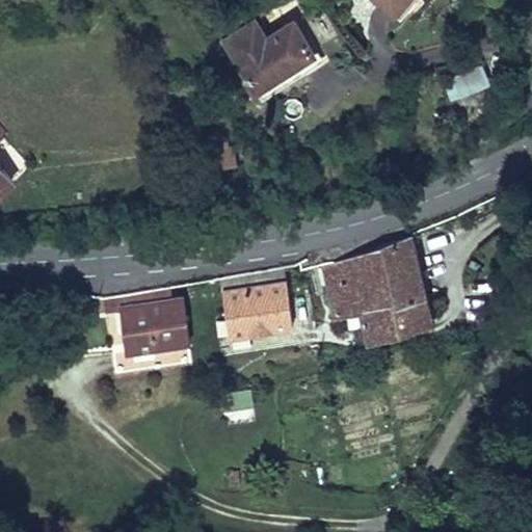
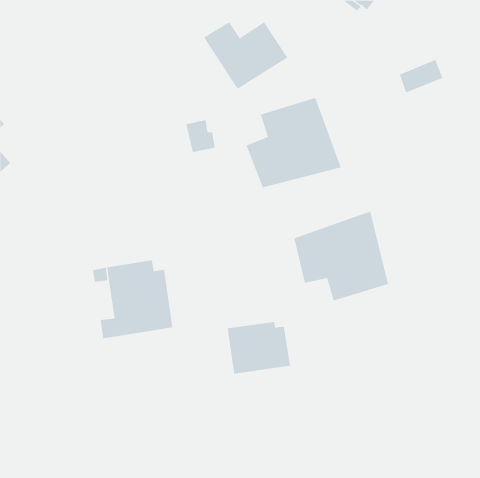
building: none -> [246,97,342,188]
building: [221,280,292,338] -> [227,322,291,374]

